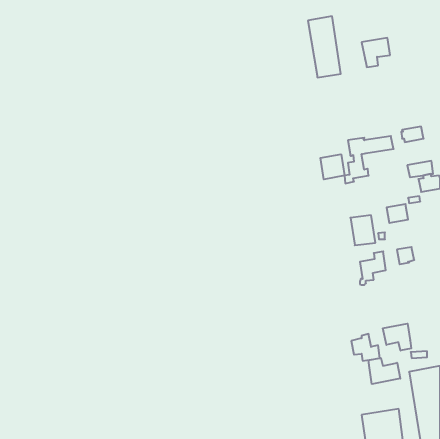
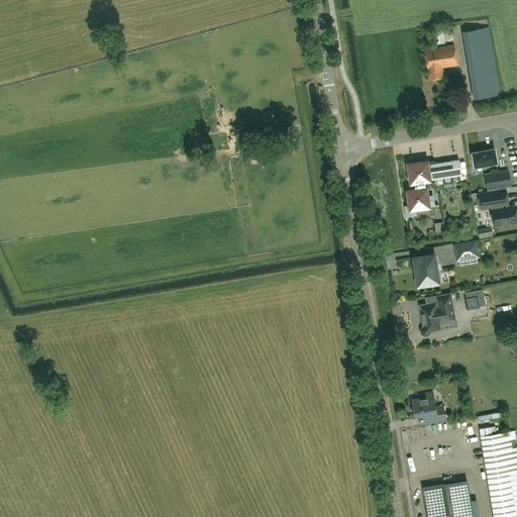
building: [308,16,341,77] -> [461,28,500,100]
building: none -> [485,171,511,191]
building: [320,154,344,179] -> none
building: [383,324,411,351] -> none
building: [369,358,400,384] -> none

